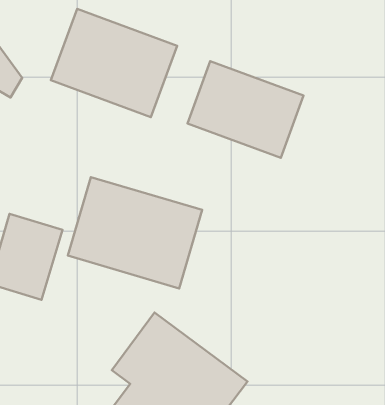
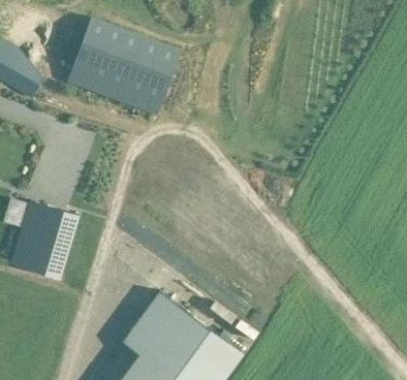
building: [187,61,303,158] -> none
building: [68,177,202,288] -> none

